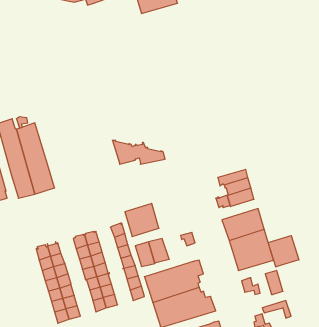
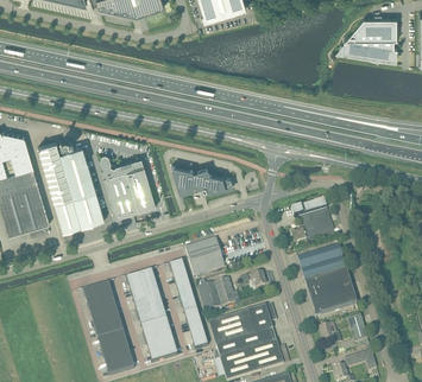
building: none -> [342,19,397,62]
building: none -> [99,155,156,218]
building: [268,236,299,267] -> none

